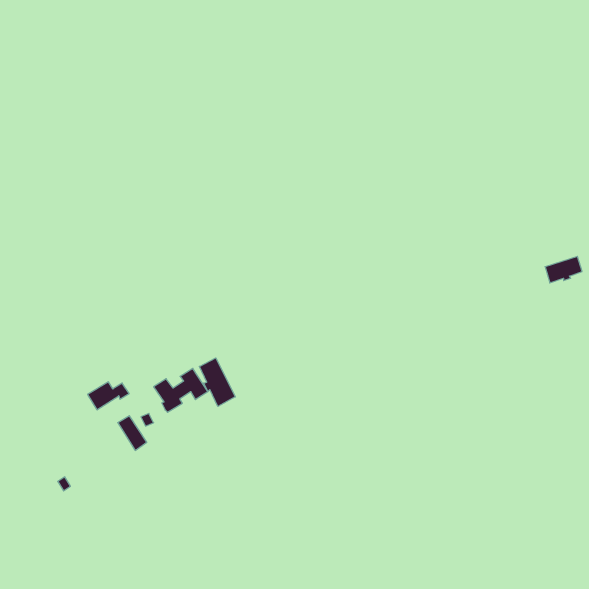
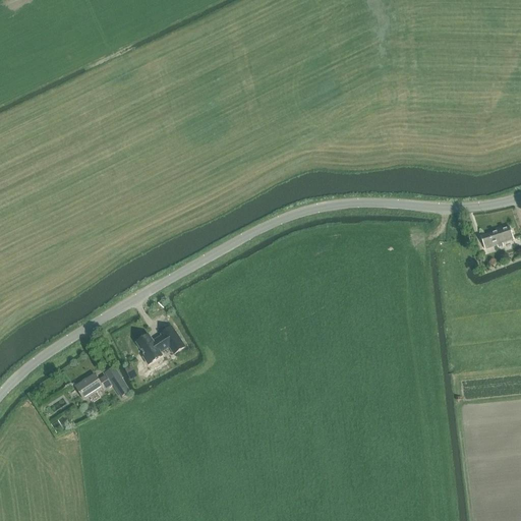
building: [199,358,235,406] -> none
building: [88,382,129,410] -> [74,374,111,399]

